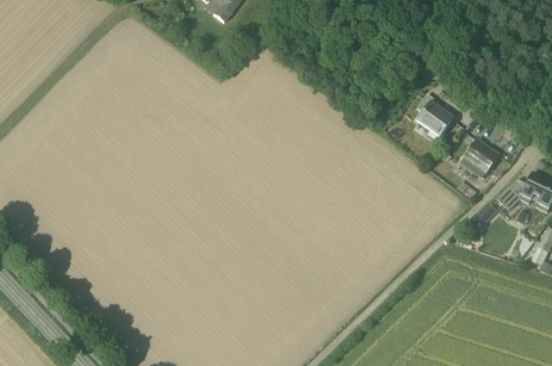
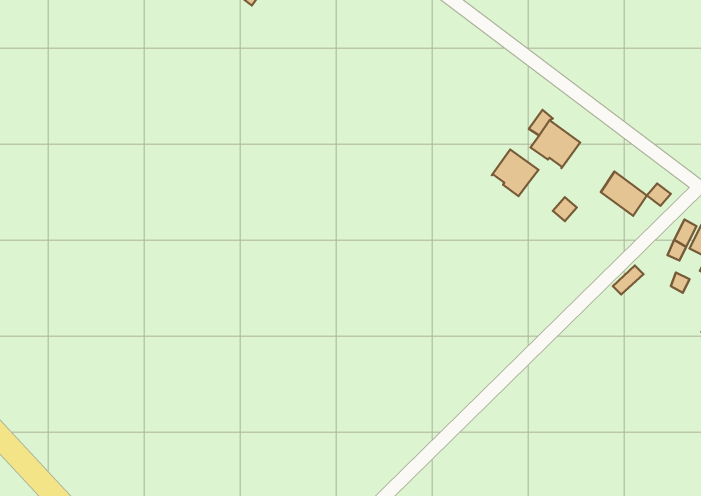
building: none -> [492,149,538,196]

